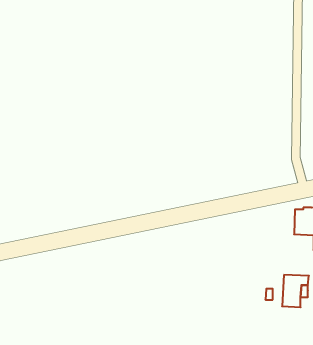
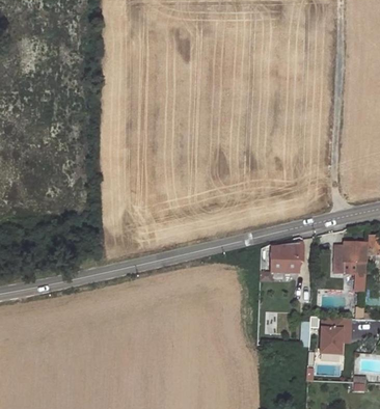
building: none -> [272,242,299,272]

